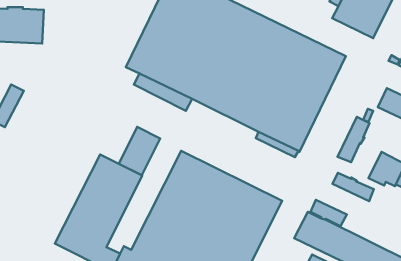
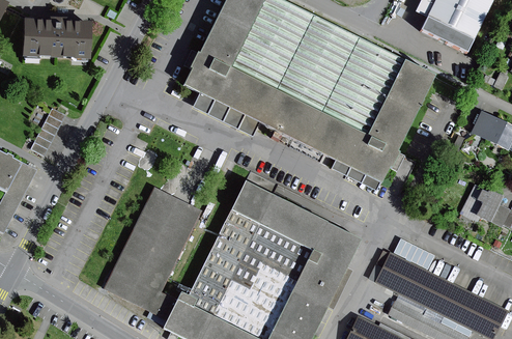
building: [337,117,370,162] -> none
building: [119,127,160,175] -> none
building: [332,173,374,201] -> none

